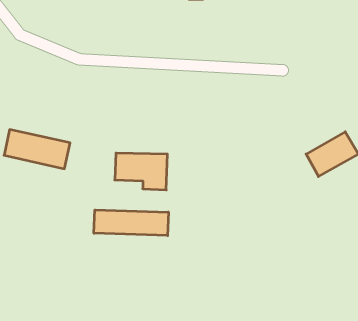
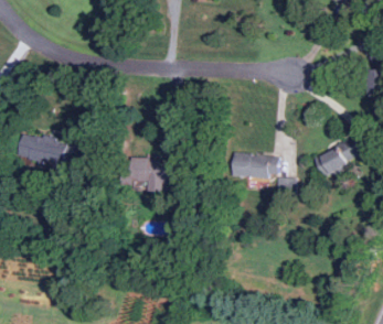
building: none -> [232,153,277,179]
building: [94,210,168,236] -> none

